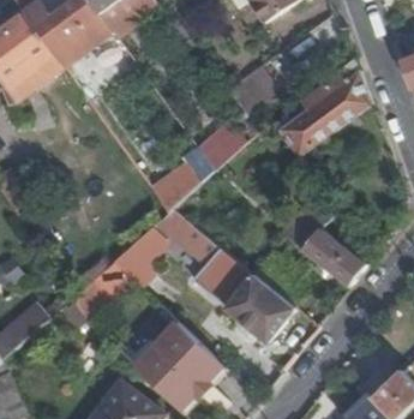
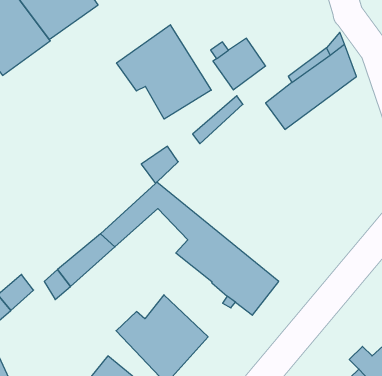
building: none -> [117,25,211,119]
building: [290,221,365,287] -> none

